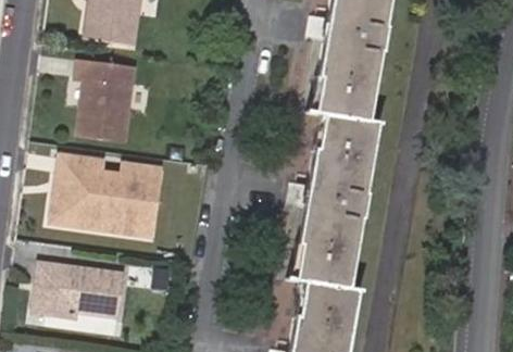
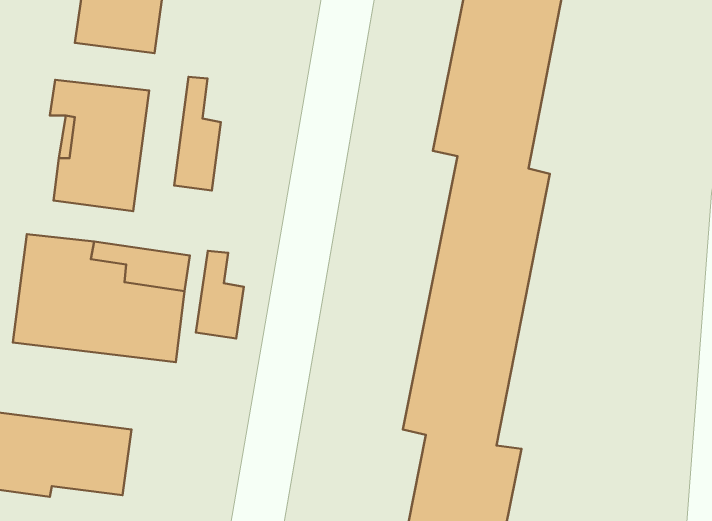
building: none -> [174,77,221,190]
building: none -> [196,251,244,338]

